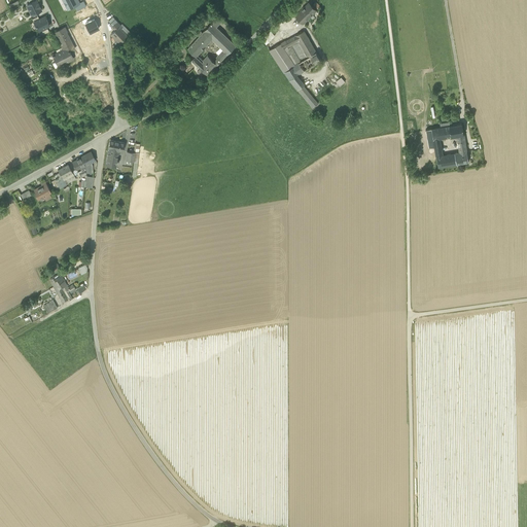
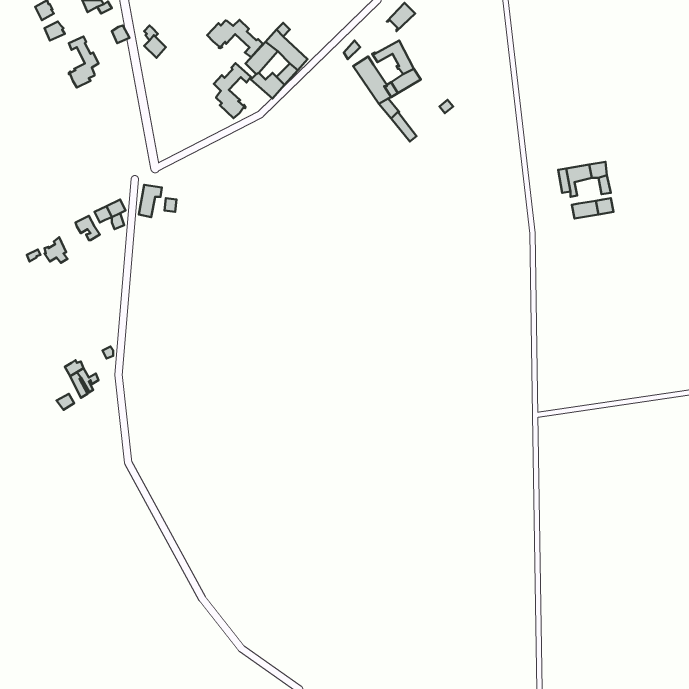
building: none -> [207,20,263,57]
building: none -> [214,63,251,118]

